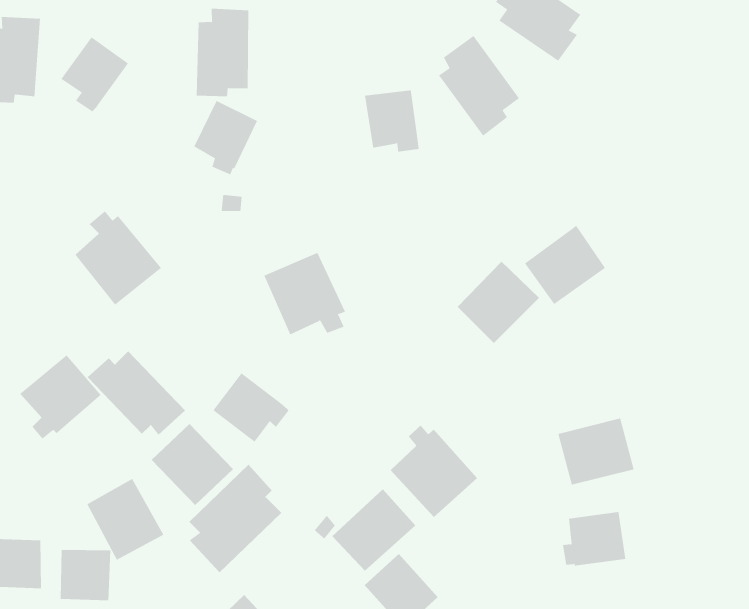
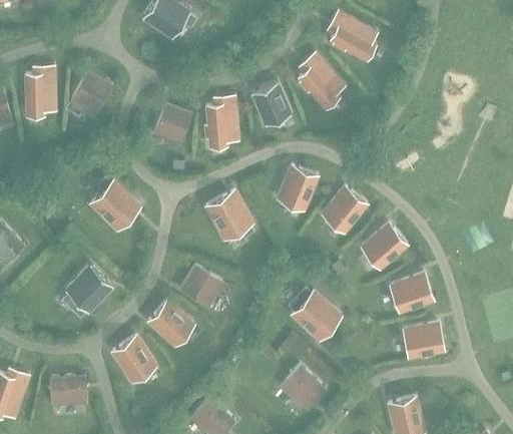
building: [196,8,249,97] -> [205,95,239,149]
building: none -> [275,164,319,212]
building: [524,225,606,305] -> [360,222,409,271]
building: [87,351,186,436] -> none
building: [189,464,282,573] -> none
building: [332,488,416,572] -> none
building: [60,549,111,601] -> none

